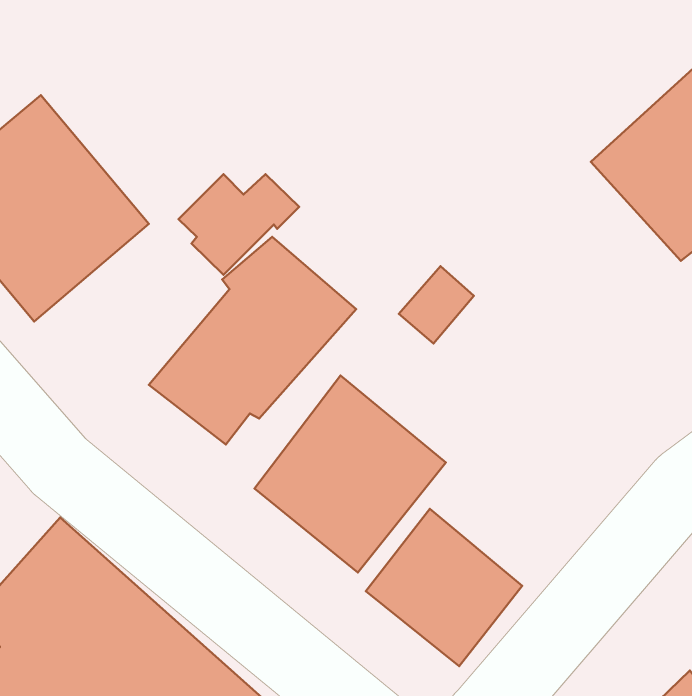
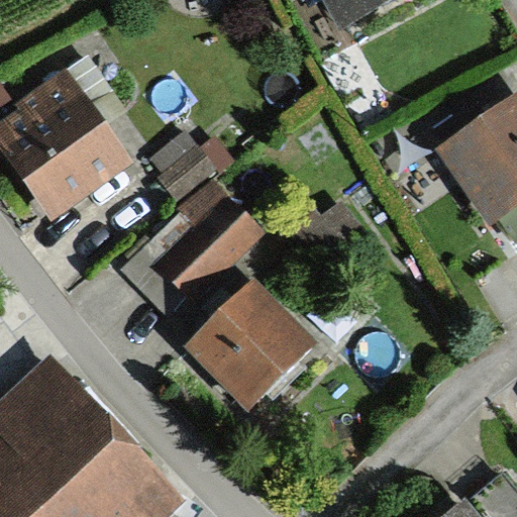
building: [366,509,522,666] -> none

